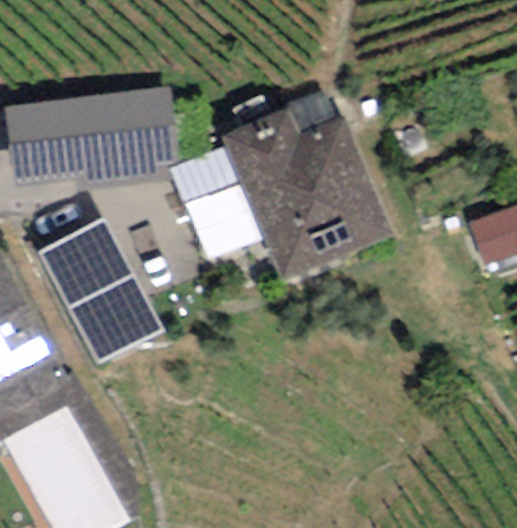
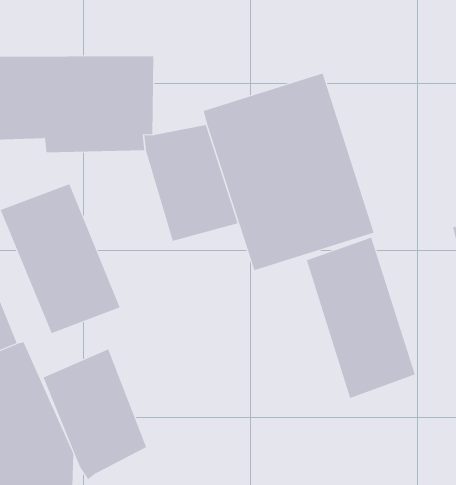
building: none -> [306,237,416,399]
building: none -> [43,349,147,480]

